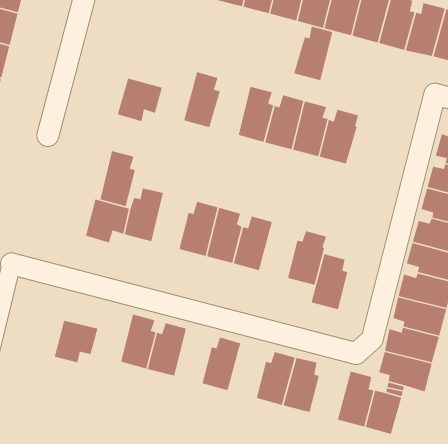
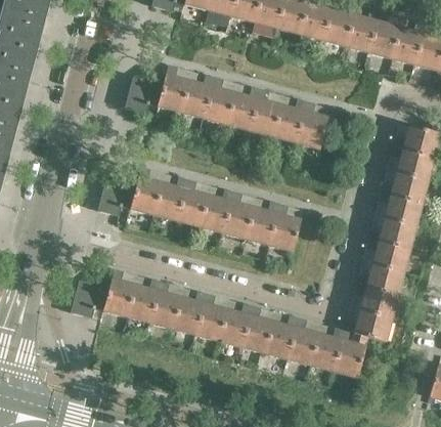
building: [293,26,333,81] -> [203,78,236,125]
building: none -> [157,66,191,113]
building: [100,150,136,207] -> [153,173,184,221]
building: [311,253,348,310] -> [245,198,276,246]
building: none -> [102,270,137,316]
building: none -> [173,288,204,335]
building: none -> [218,300,250,347]
building: none -> [288,319,321,366]

